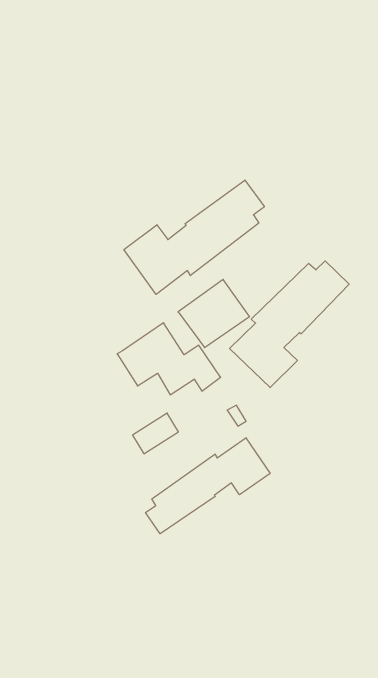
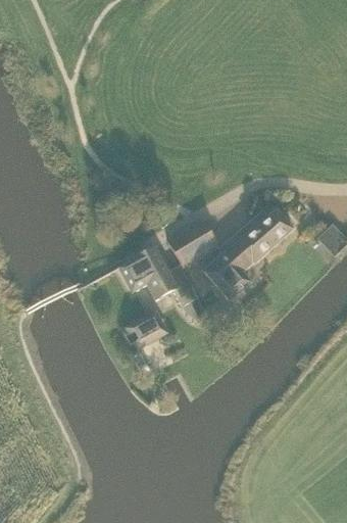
building: [124,180,264,294] -> none
building: [146,438,270,534] -> none

